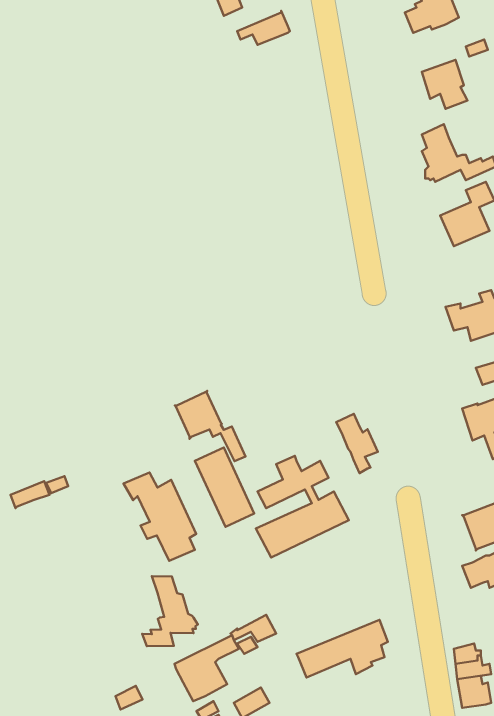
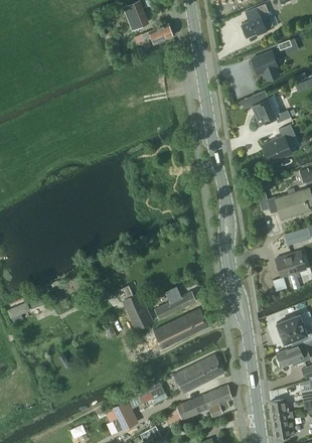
building: [175,391,246,461] -> none
building: [336,414,378,473] -> none
building: [124,472,196,561] -> none
building: none -> [173,354,223,393]
building: [142,576,198,646] -> none

